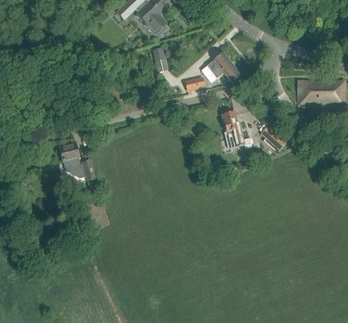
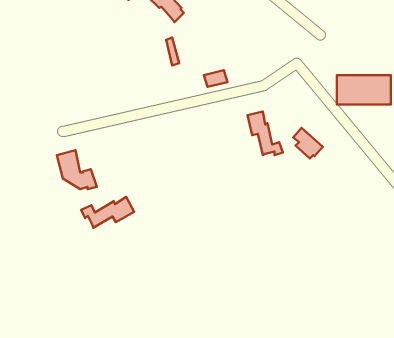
building: [207,53,240,81] -> none
building: none -> [81,197,134,228]

